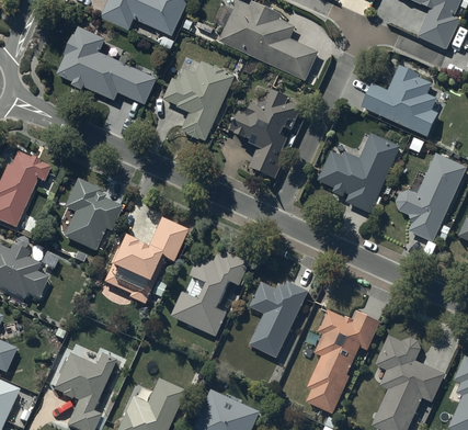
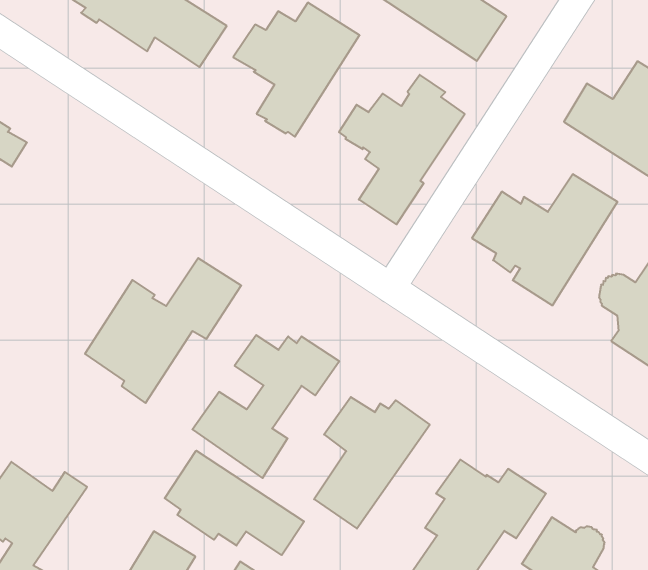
building: [64,179,123,251] -> none
building: none -> [165,451,304,555]

